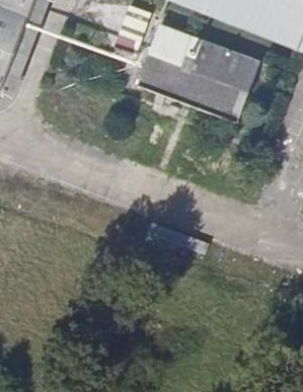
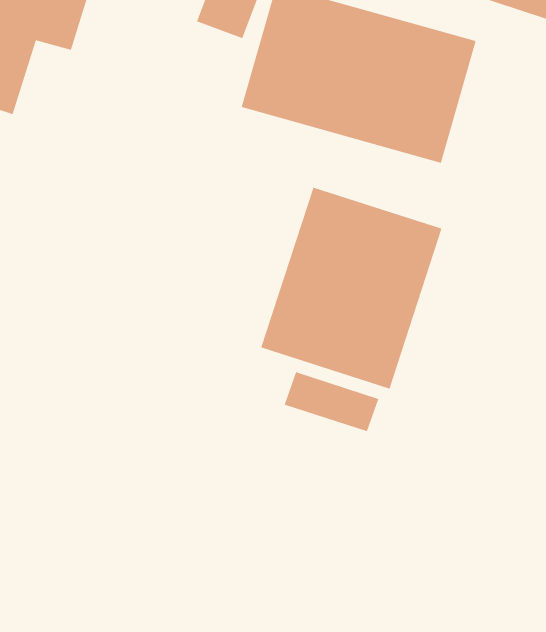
building: none -> [261,187,442,389]

